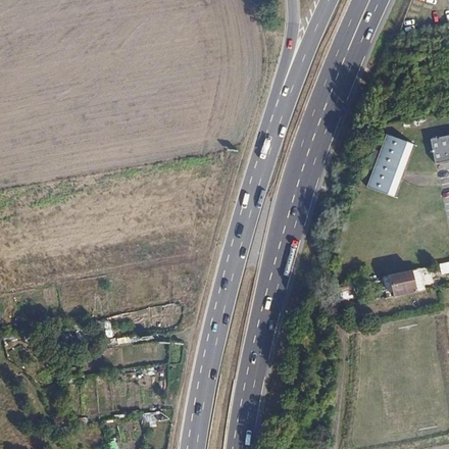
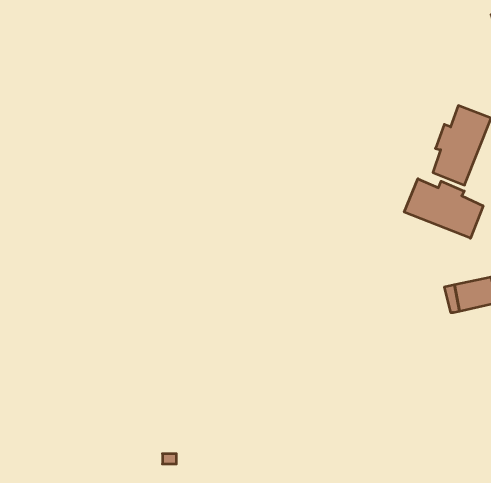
building: none -> [404,179,483,238]

